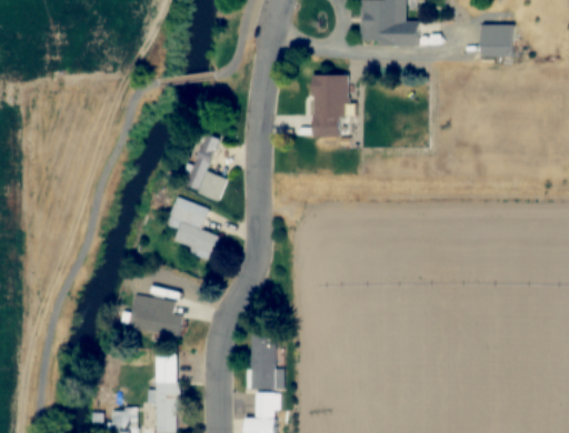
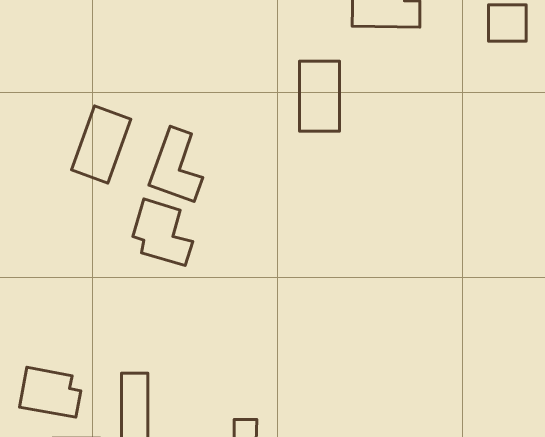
building: none -> [71,106,131,183]
building: [129,292,183,336] -> [19,367,81,417]
building: [252,331,276,389] -> none

